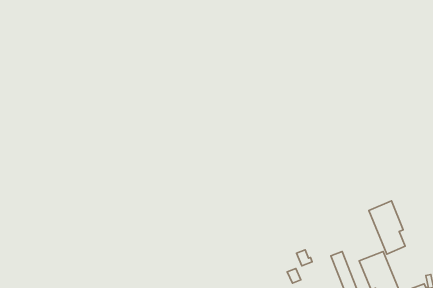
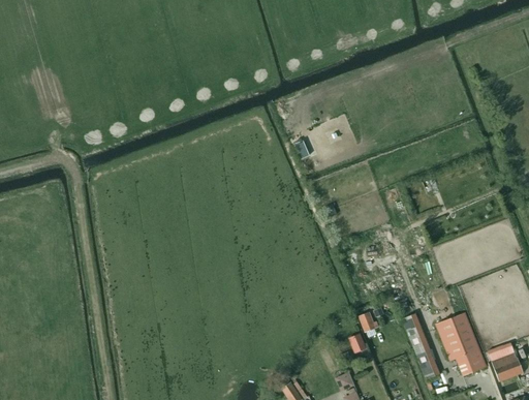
building: [369,201,405,254] -> none

